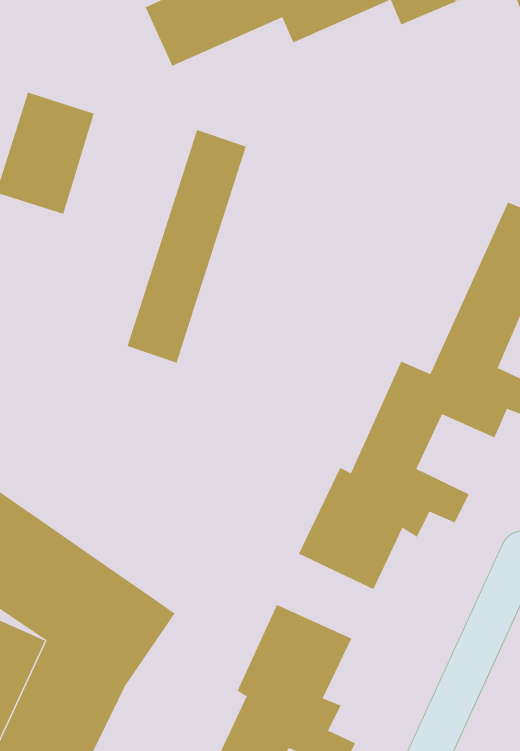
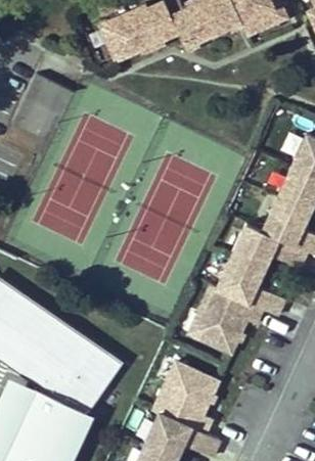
building: [127,129,247,364] -> none

